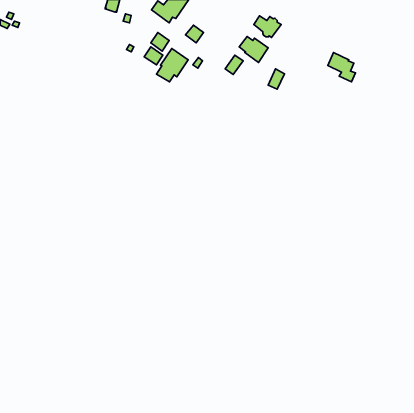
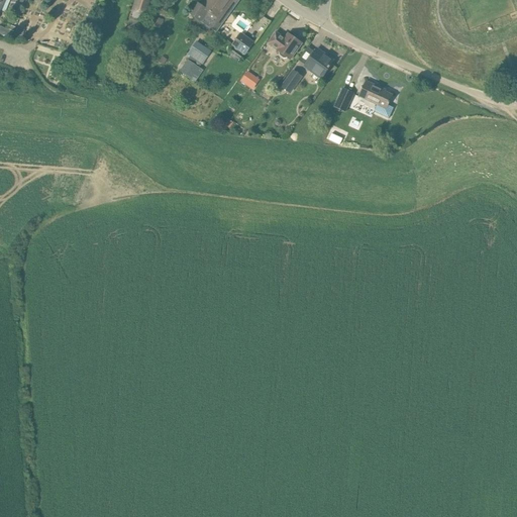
building: [254,16,281,38] -> [269,31,303,59]
building: [157,48,188,82] -> none
building: [328,53,355,82] -> [359,81,394,117]

